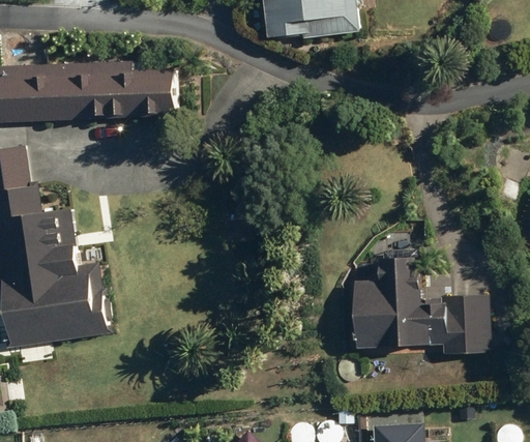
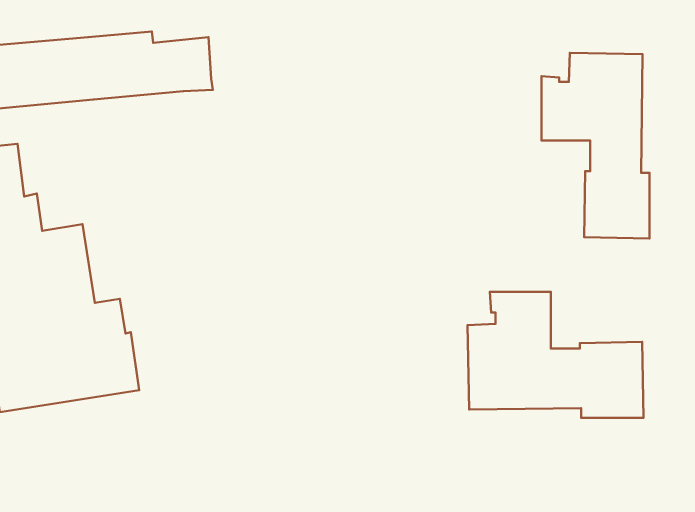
building: none -> [541,53,649,239]

